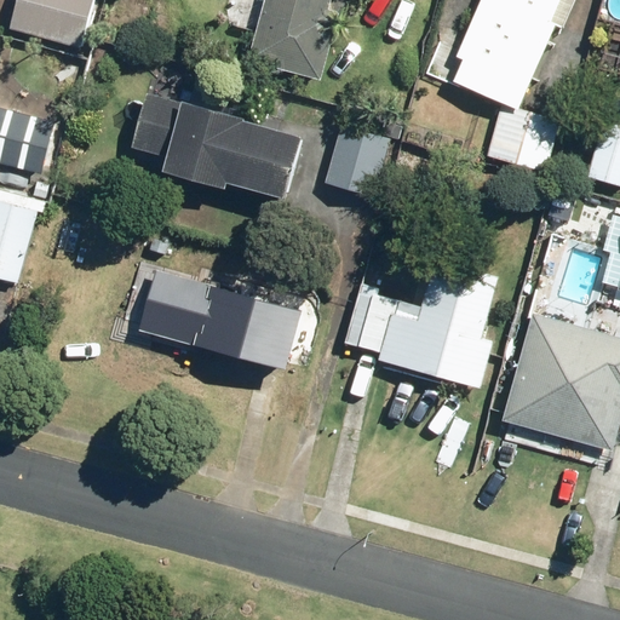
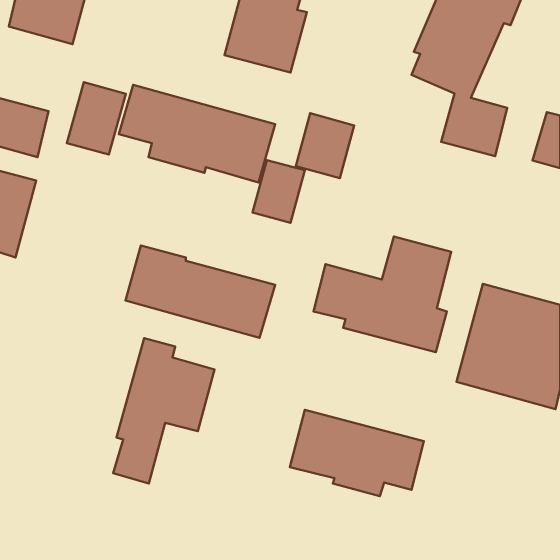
building: none -> [67,82,126,155]
building: none -> [253,160,305,223]
building: none -> [113,338,215,483]
building: none -> [290,410,424,496]

